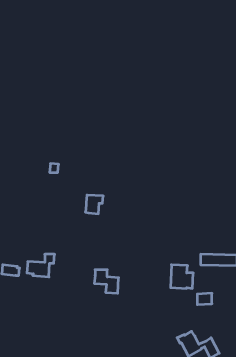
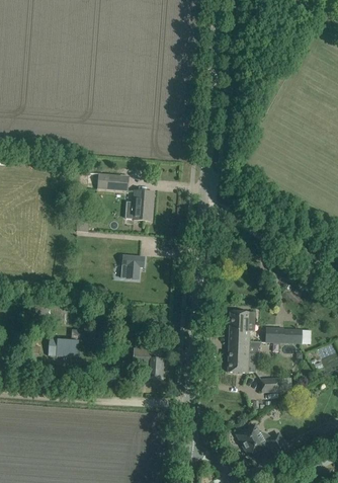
building: none -> [86,172,128,190]
building: none -> [125,190,153,220]
building: none -> [229,310,255,343]

